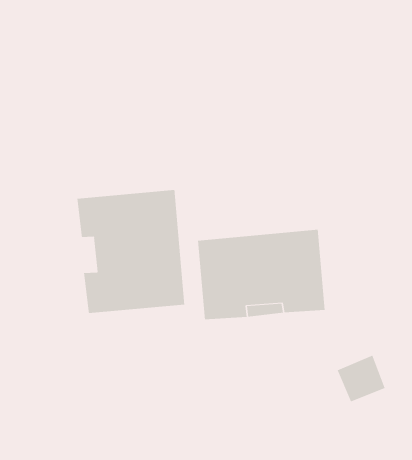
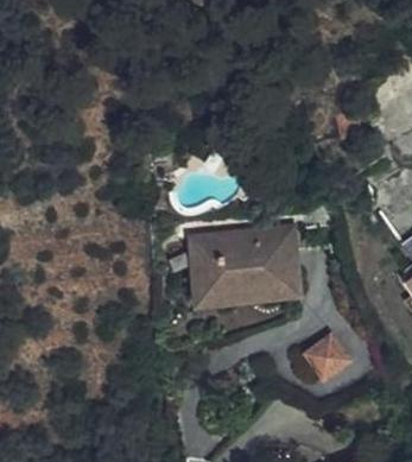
building: [77,189,185,314] -> none

